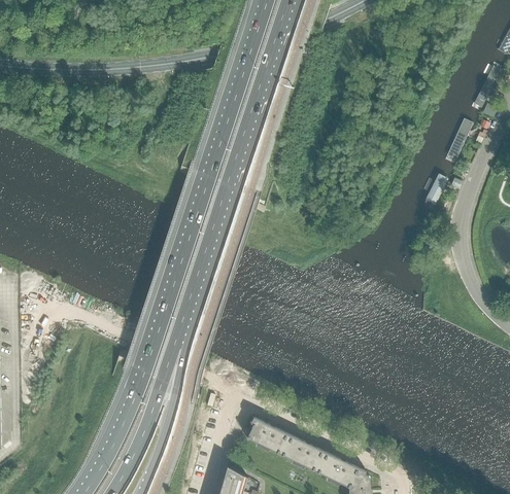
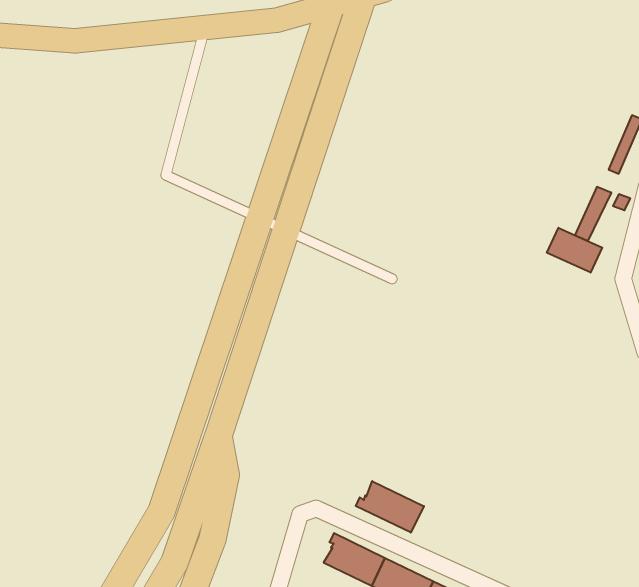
building: none -> [547,228,602,273]
building: none -> [356,481,424,533]

